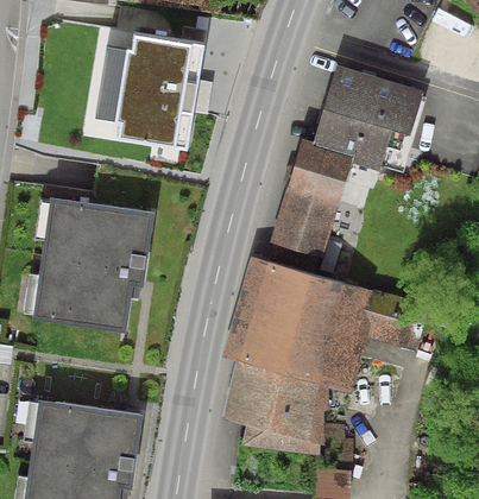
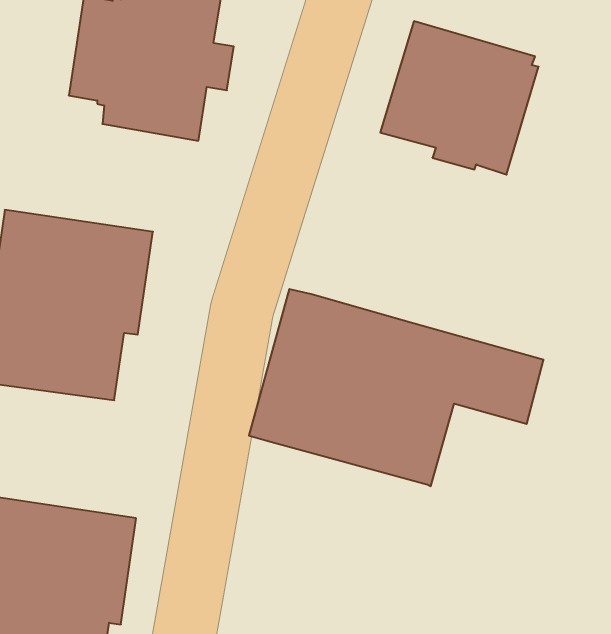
building: [265,138,353,276] -> none
building: [222,360,347,453] -> none

